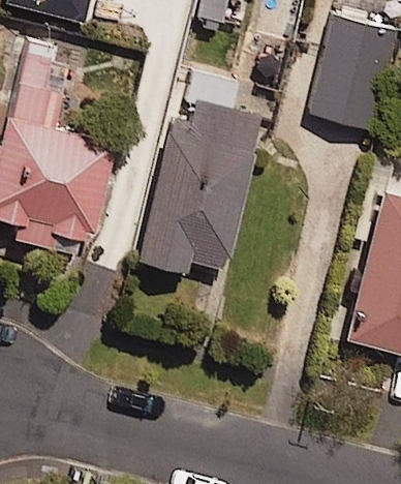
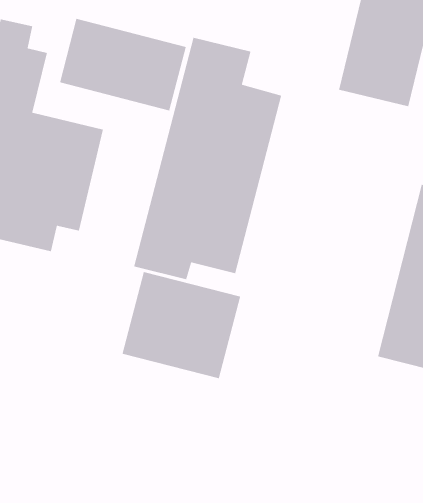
building: none -> [59,18,187,111]
building: none -> [122,271,241,379]

